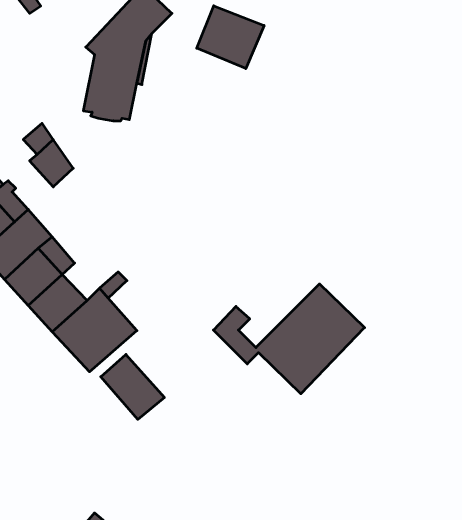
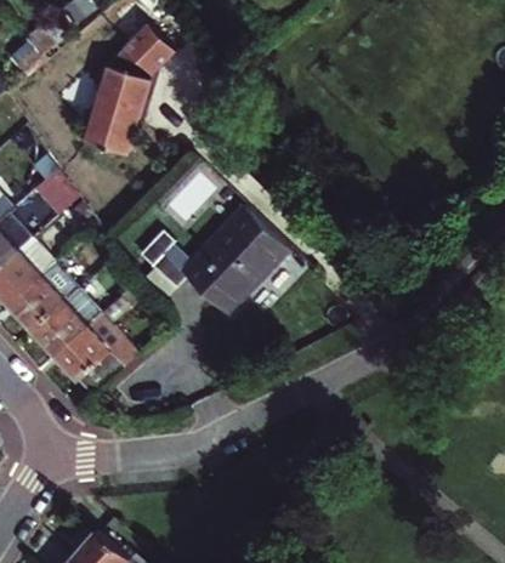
building: [197,6,264,69] -> none
building: [213,284,365,394] -> [146,207,293,314]
building: [101,354,164,419] -> none

